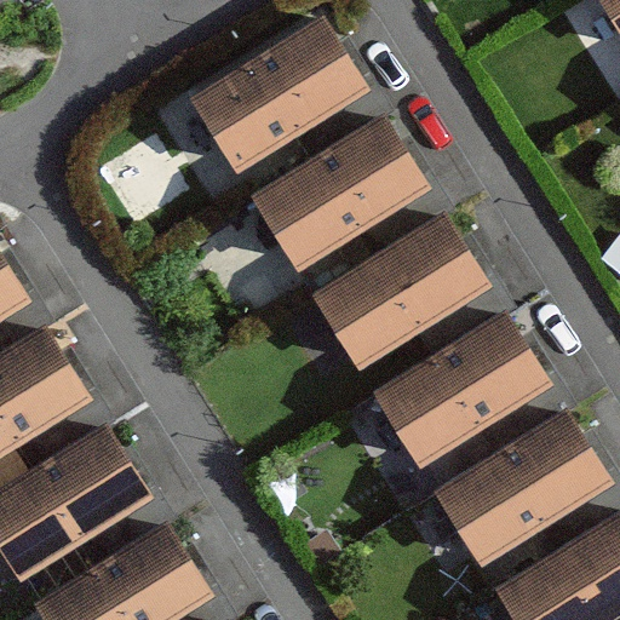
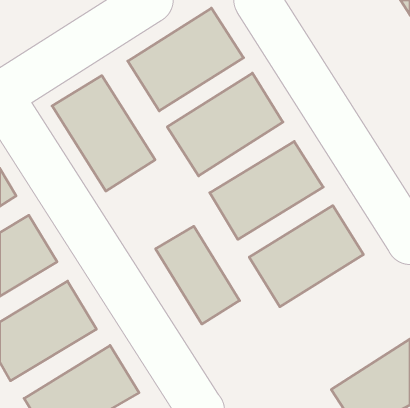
building: none -> [52,76,155,191]
building: none -> [156,226,240,324]
building: [436,411,609,564] -> none

